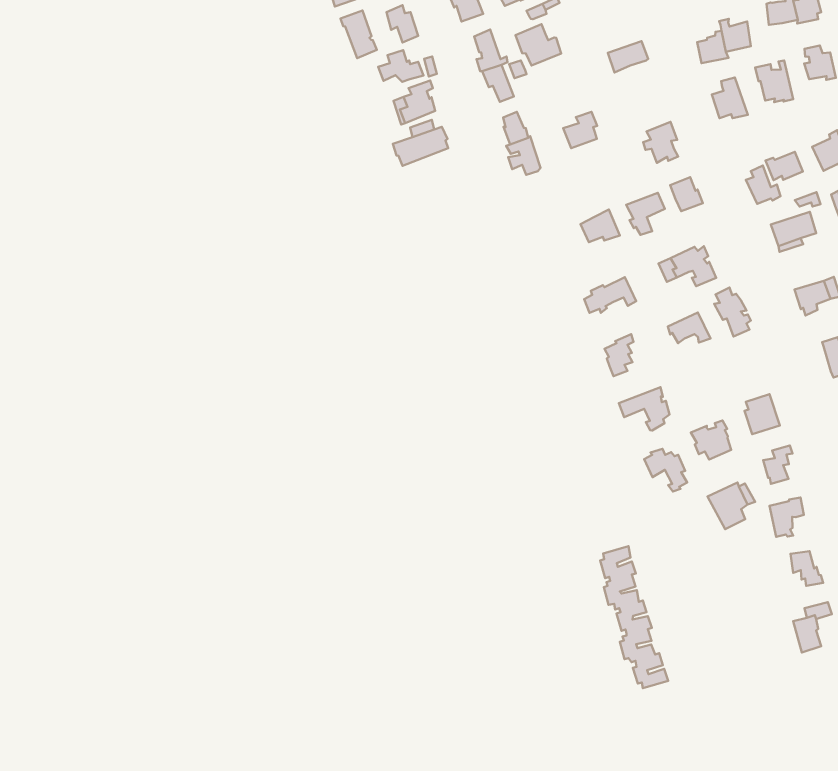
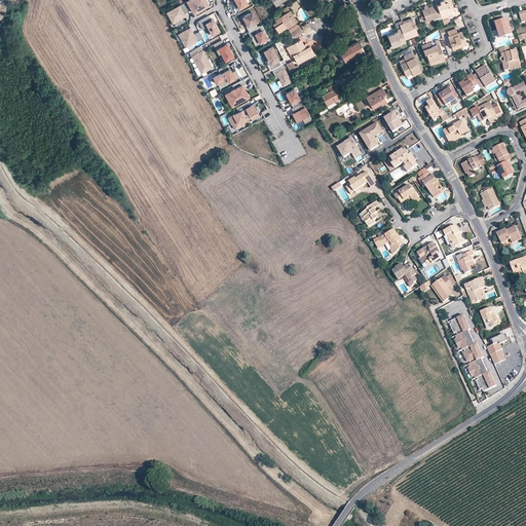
building: [600,546,668,688] -> [450,314,497,391]

